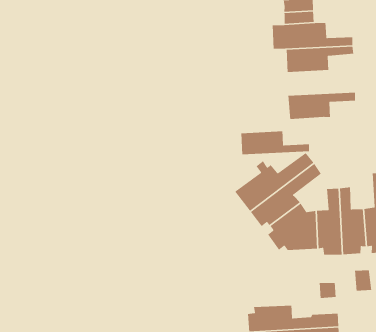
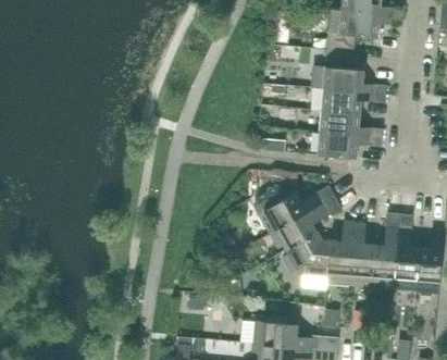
building: [241,131,310,155] -> [320,110,384,136]

